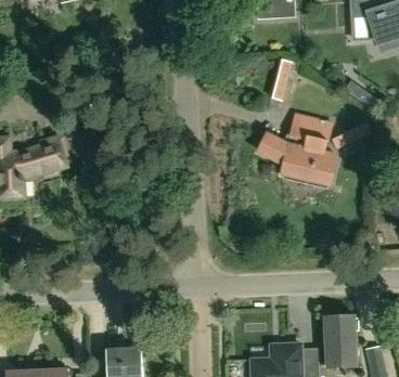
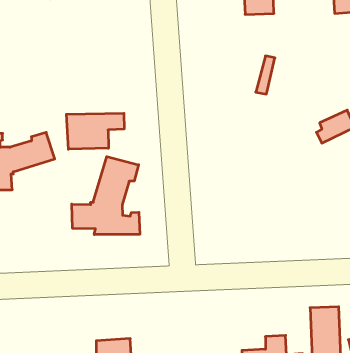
building: [258,116,337,185] -> none
building: none -> [66,113,124,149]
building: none -> [72,157,140,235]

